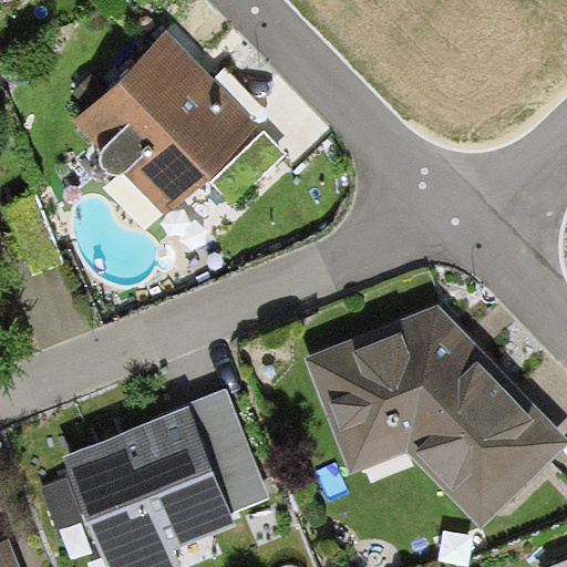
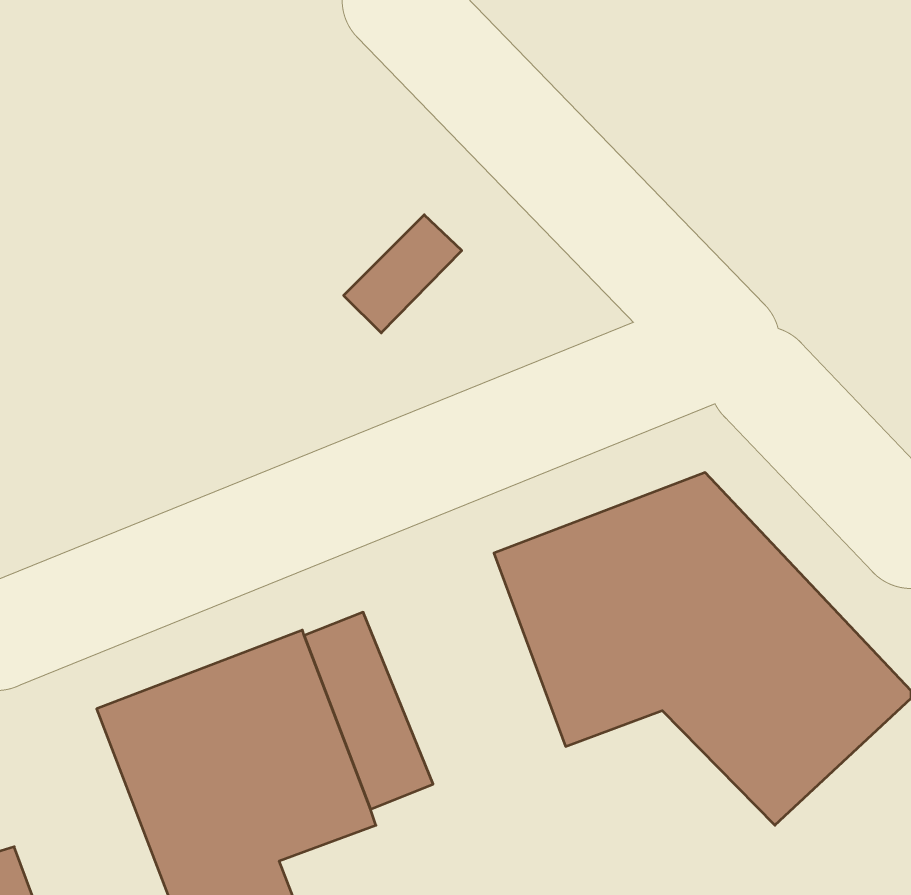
building: [73,44,259,229] -> none

